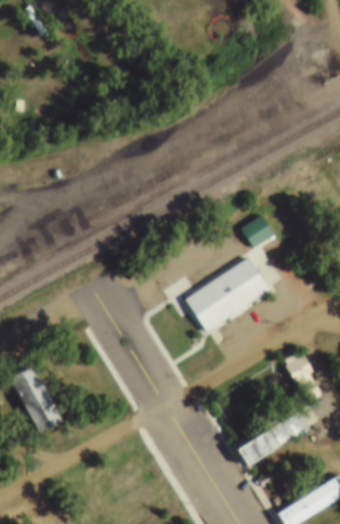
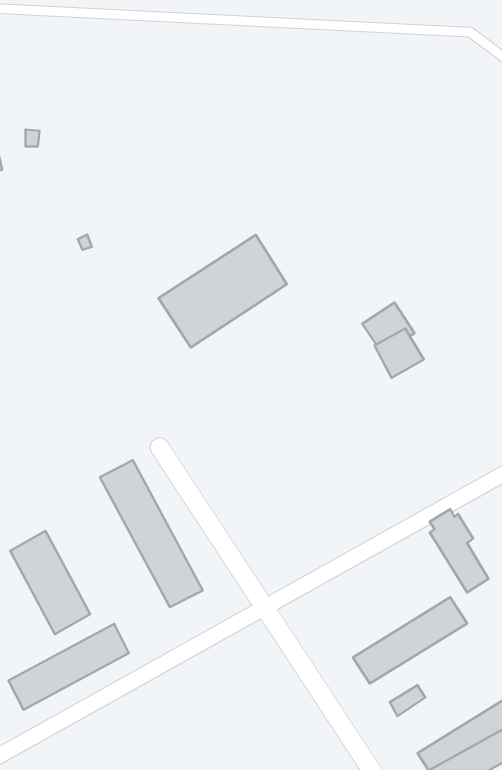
building: [184,256,269,331] -> [159,235,287,348]
building: none -> [100,460,203,607]
building: none -> [9,624,129,710]

